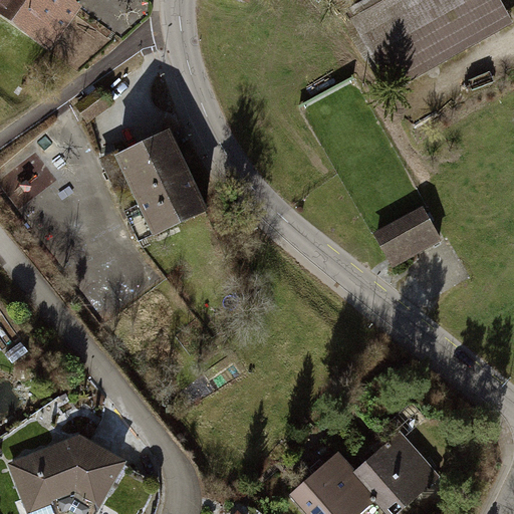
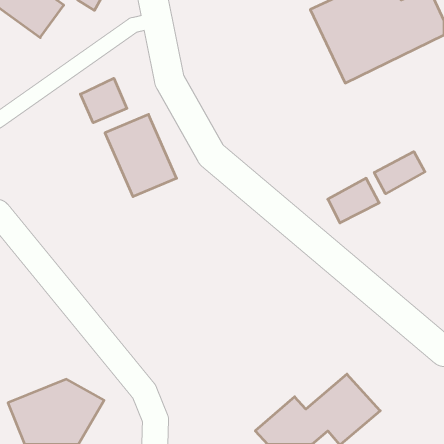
building: none -> [80,78,127,123]
building: none -> [374,152,425,194]

